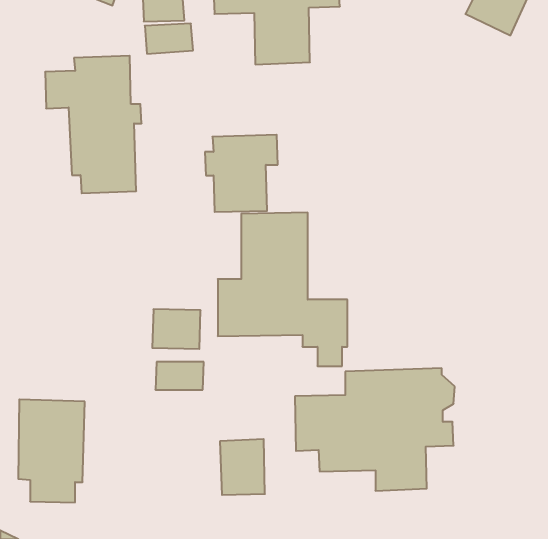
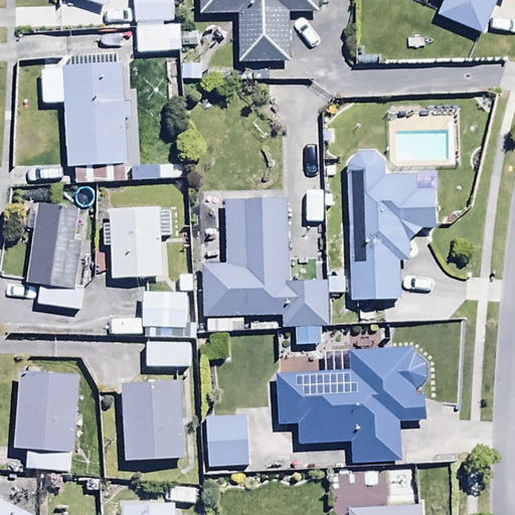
building: [205,135,278,212] -> [103,204,171,277]
building: none -> [346,151,437,298]
building: none -> [27,200,84,308]
building: none -> [121,381,185,460]

